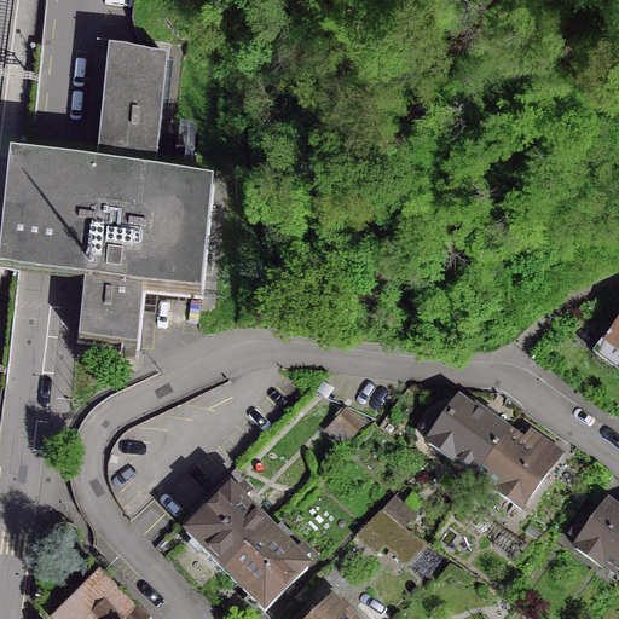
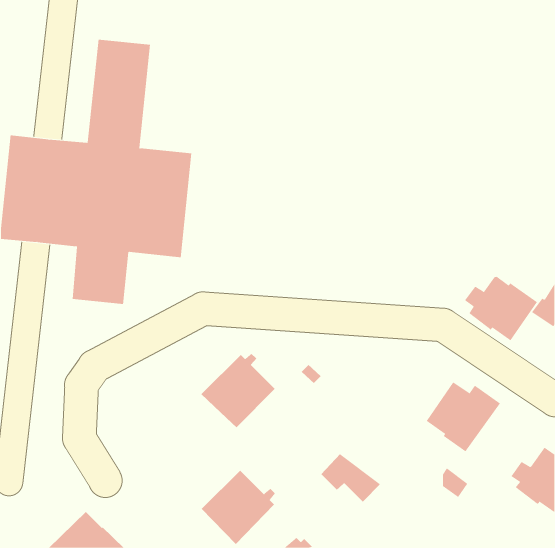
building: [422,395,504,468] -> [464,276,538,341]
building: [184,482,267,566] -> [201,353,276,428]

